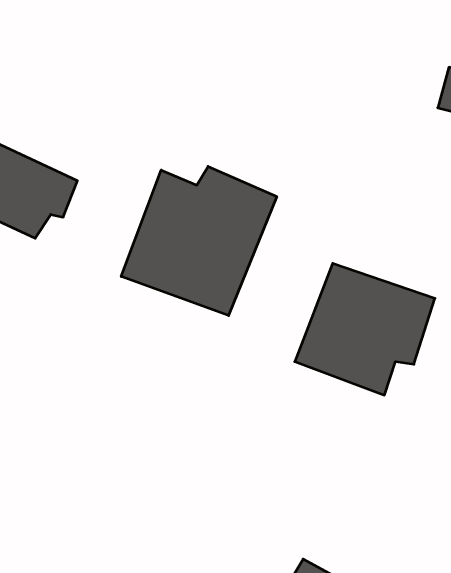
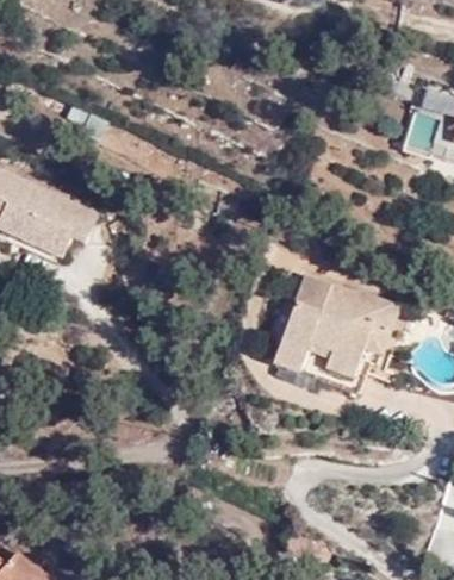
building: [121,166,277,316] -> none

